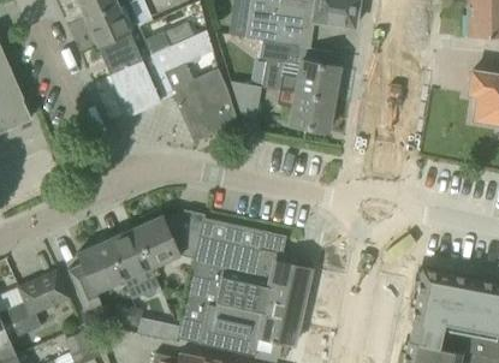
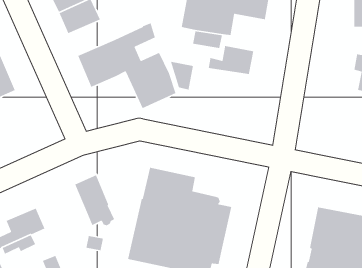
building: [97,22,194,73] -> none
building: [277,90,333,131] -> none
building: [135,210,203,268] -> none
building: [67,240,123,315] -> none

